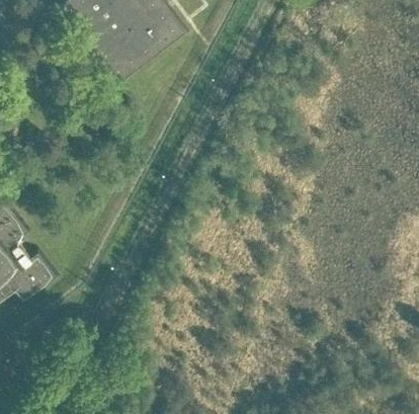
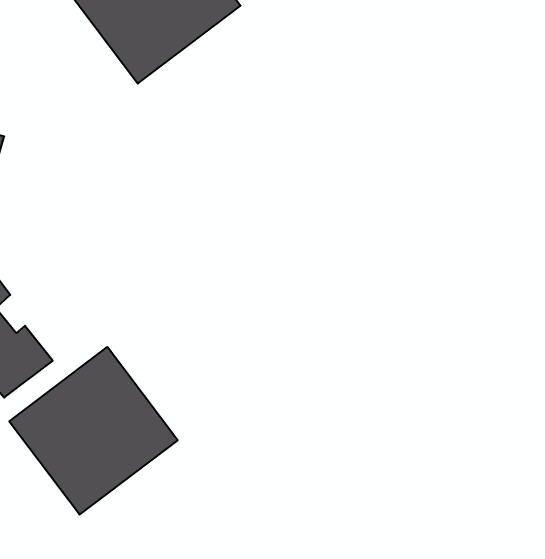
building: none -> [9,347,178,515]

